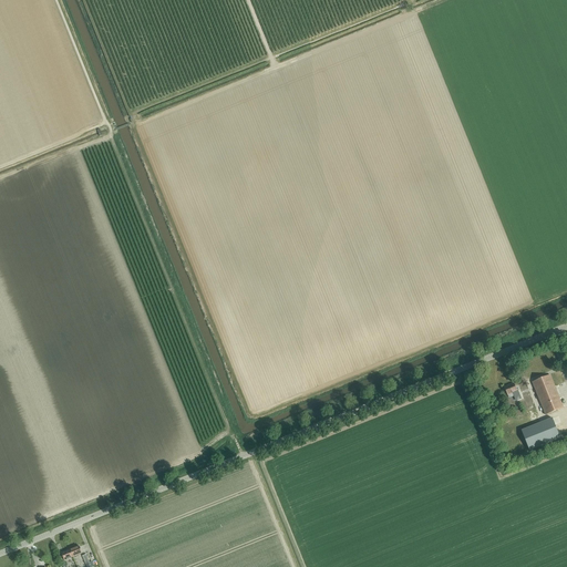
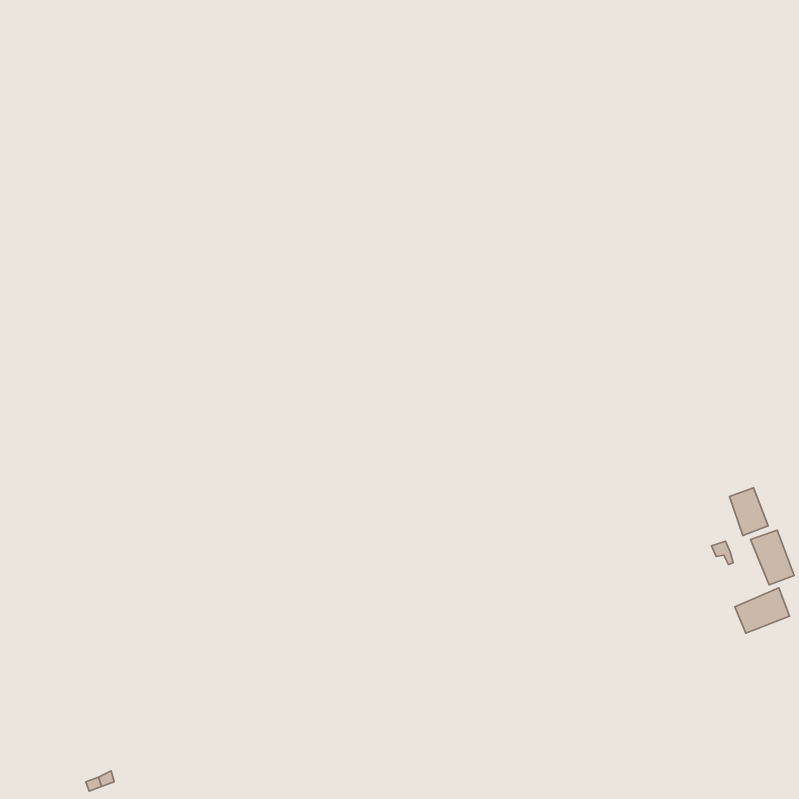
building: none -> [729,488,768,535]

